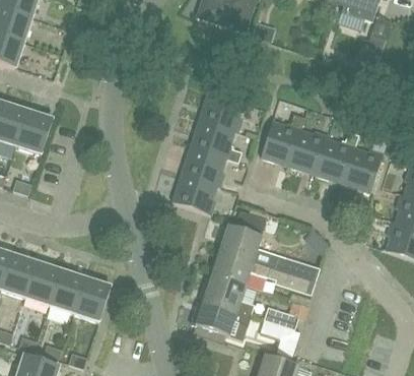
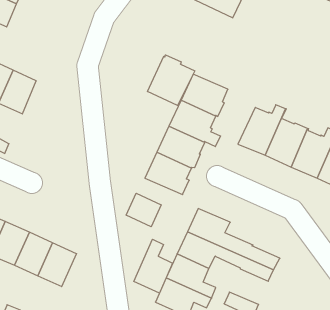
building: none -> [148,55,195,105]
building: none -> [126,193,161,227]
building: none -> [134,239,172,293]

